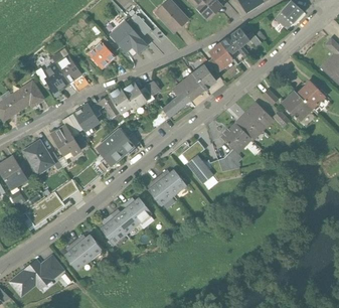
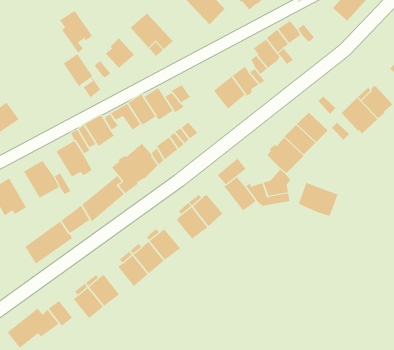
building: [43,63,70,99] -> [59,10,93,54]
building: [11,81,44,109] -> none
building: [162,86,190,118] -> none
building: none -> [298,182,338,216]

